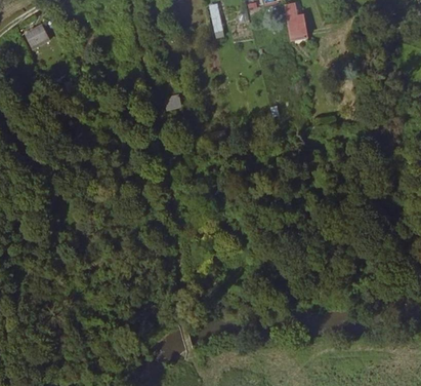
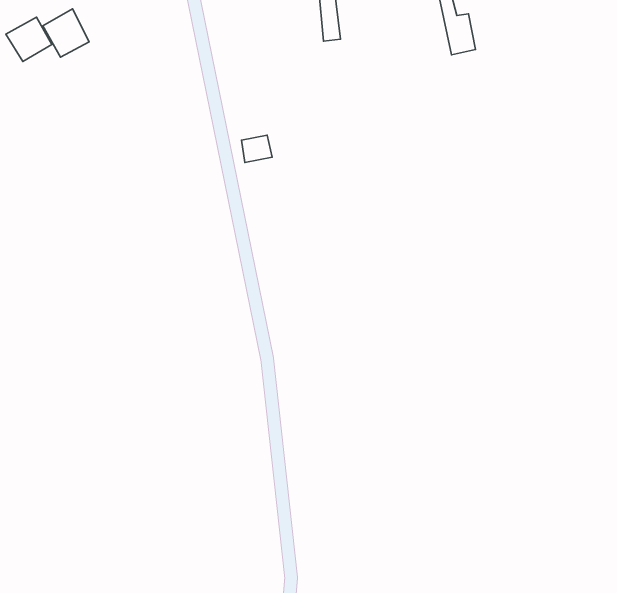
building: none -> [43,9,89,57]

